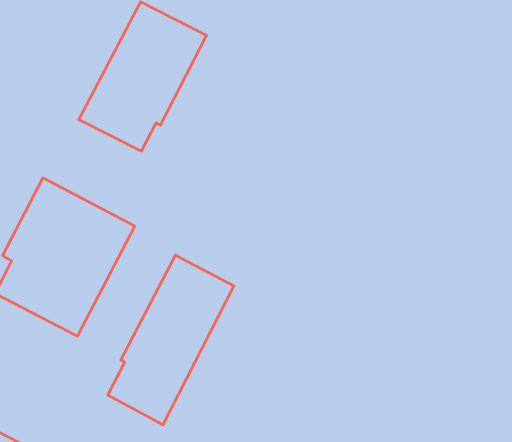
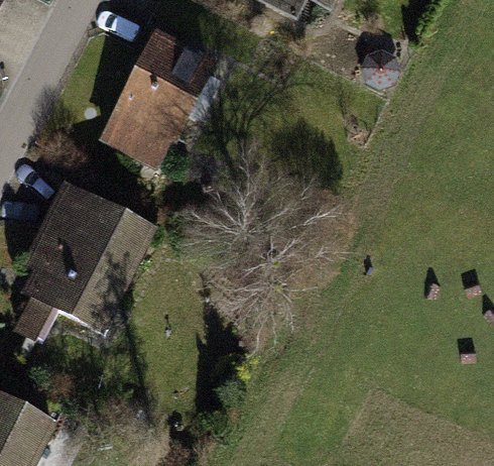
building: [108,255,234,425] -> none

